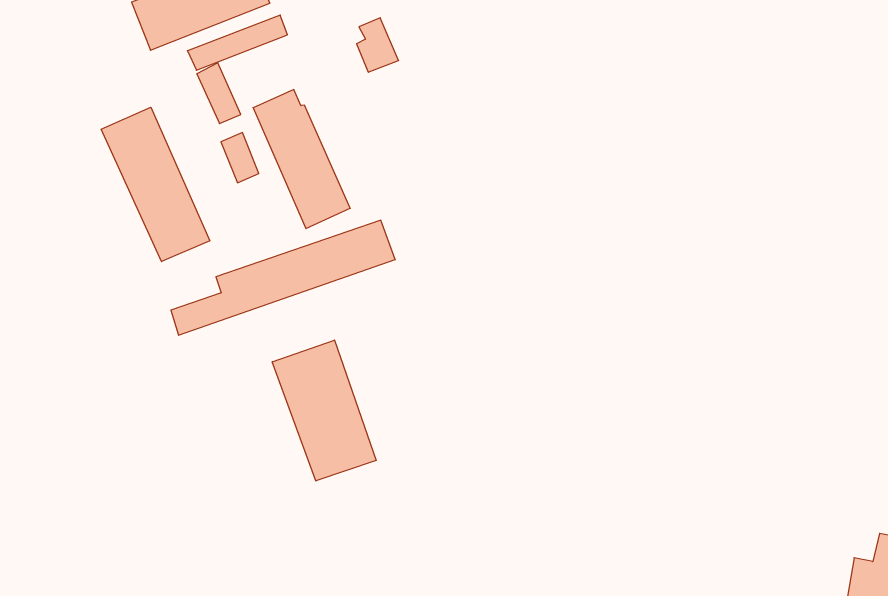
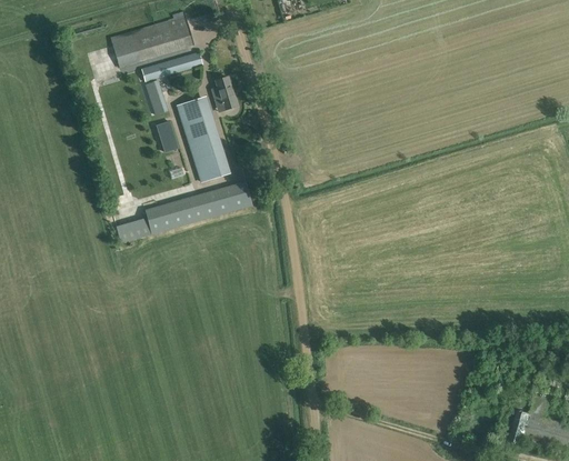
building: [357,18,399,72] -> [212,77,237,109]
building: [101,107,210,262] -> none
building: [272,340,376,481] -> none

